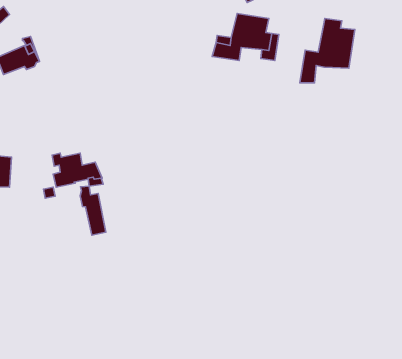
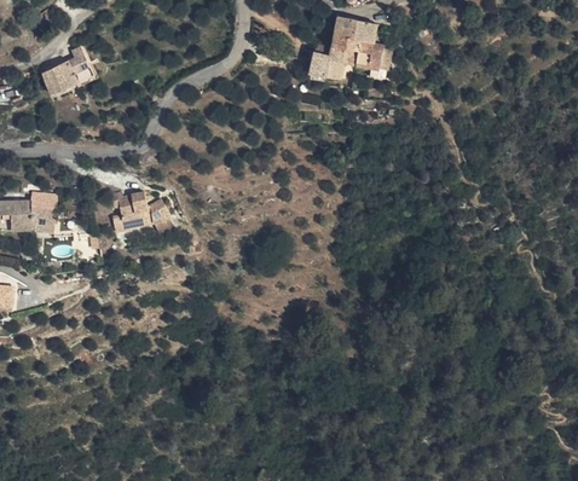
building: [300,19,355,83] -> none
building: [80,186,106,235] -> none

